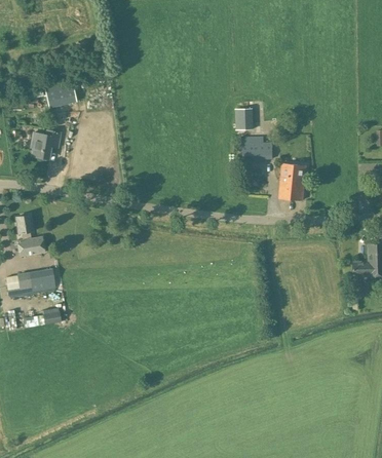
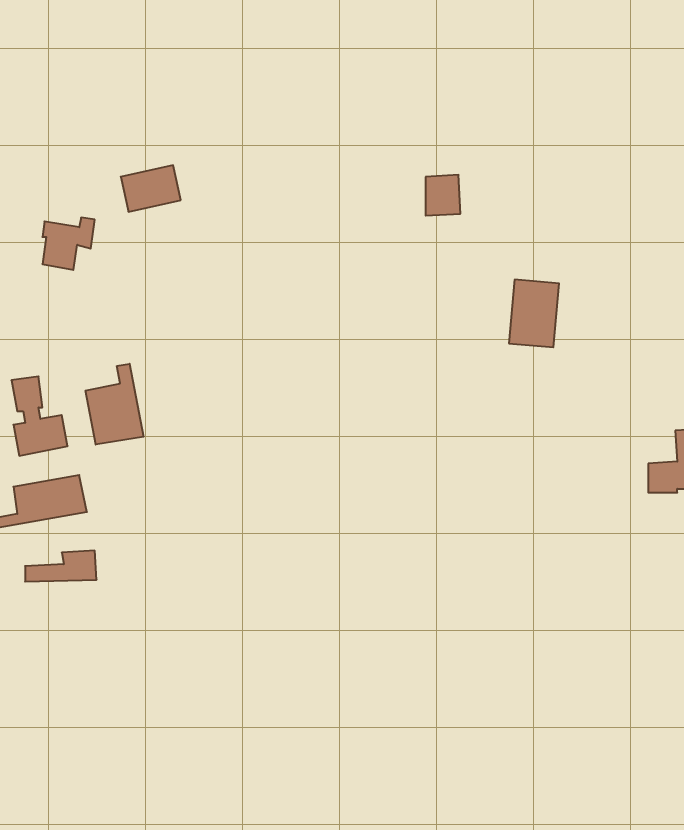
building: [43,83,75,108] -> [121,165,181,212]
building: [241,137,272,160] -> none
building: none -> [86,364,144,445]

